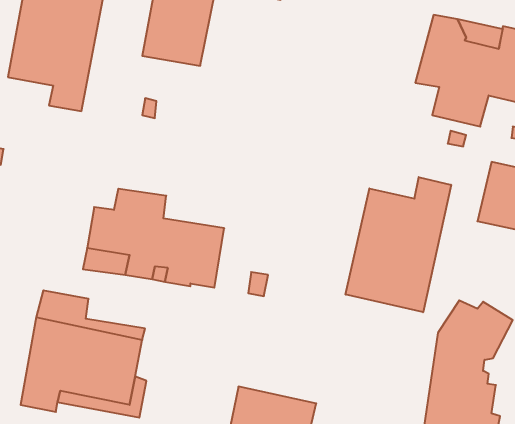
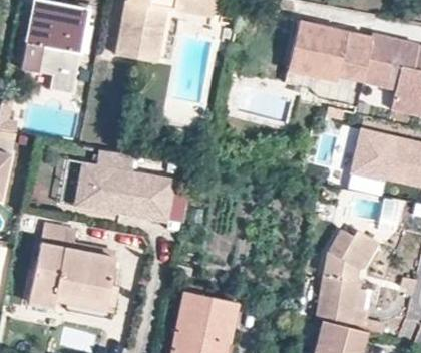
building: none -> [287,20,322,74]
building: [346,177,451,312] -> none

